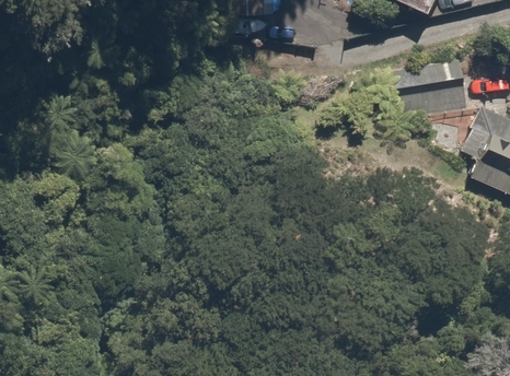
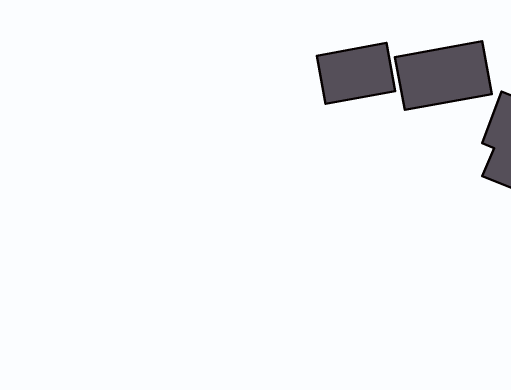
building: none -> [317,43,395,104]

